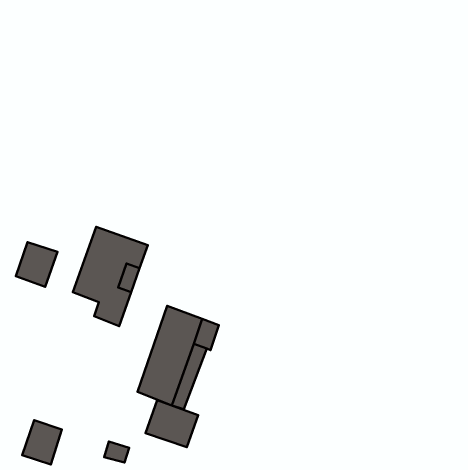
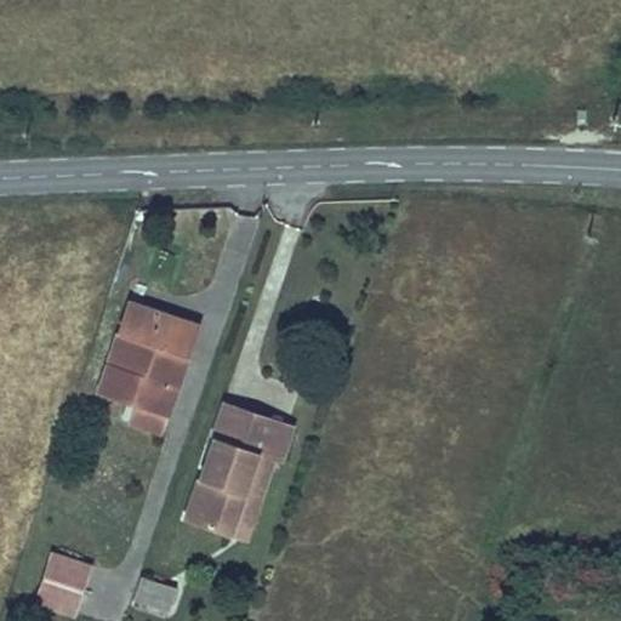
building: [16,242,58,287] -> none
building: [145,400,198,447] -> none

